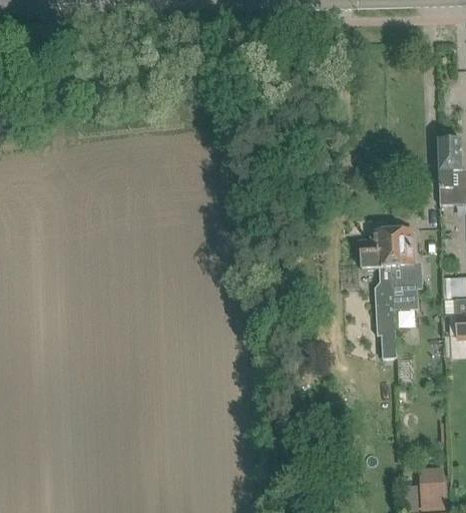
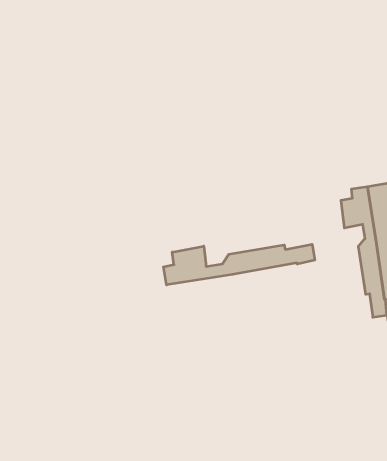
building: none -> [163,244,315,285]

